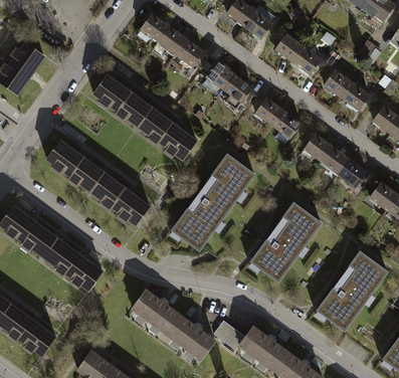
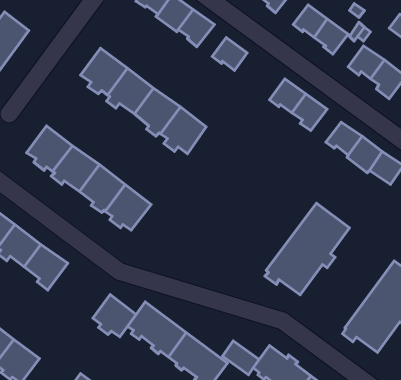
building: [222,74,251,105] -> none
building: [170,155,255,250] -> none
building: [64,254,102,291] -> [93,295,136,337]

